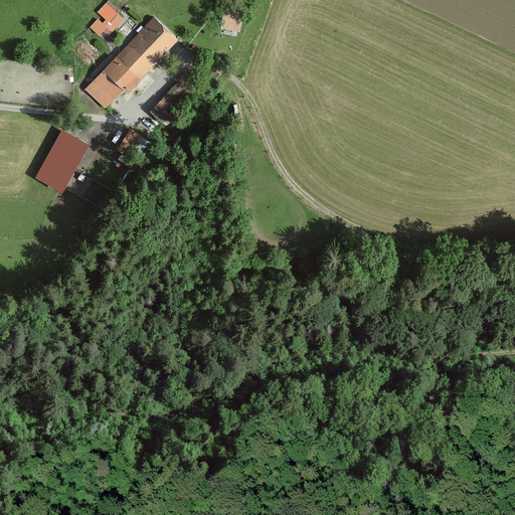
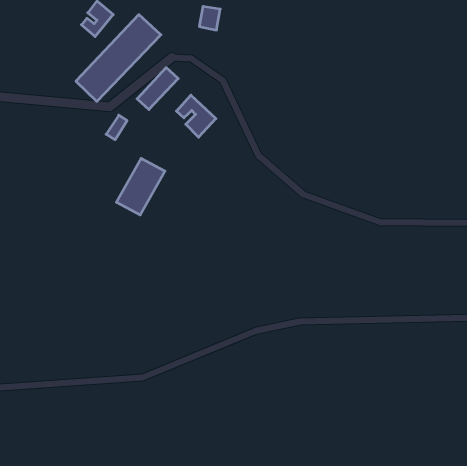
building: none -> [176,95,216,137]
building: [35,127,89,189] -> [116,158,165,215]

